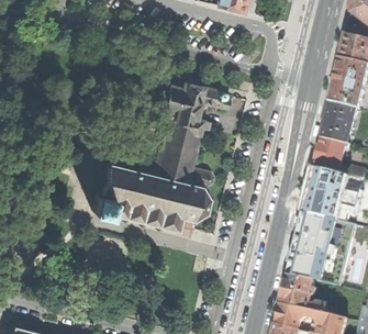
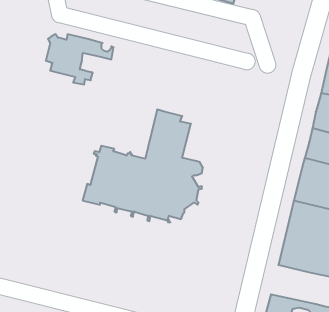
building: [160,82,228,133] -> [46,34,114,85]
building: [279,275,326,314] -> none

